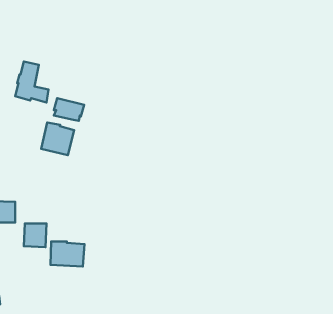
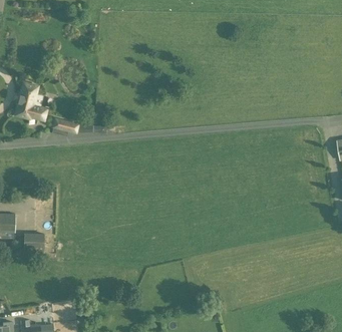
building: [41,122,74,155] -> none
building: [50,241,85,266] -> none

